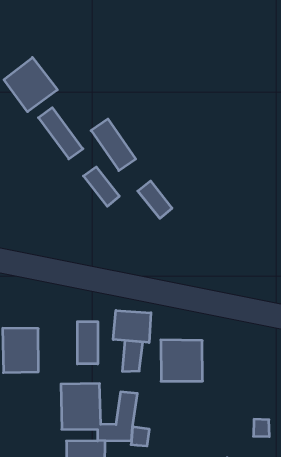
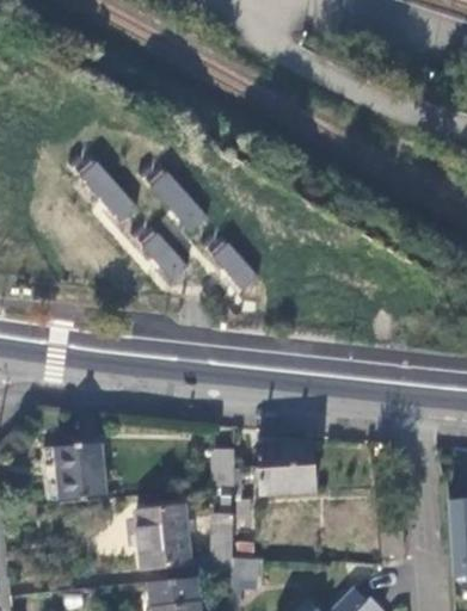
building: [4,57,57,112] -> none
building: [113,310,151,343] -> none
building: [77,322,98,364] -> none

